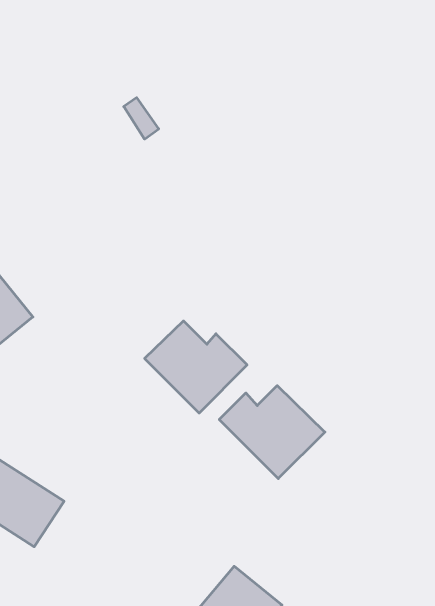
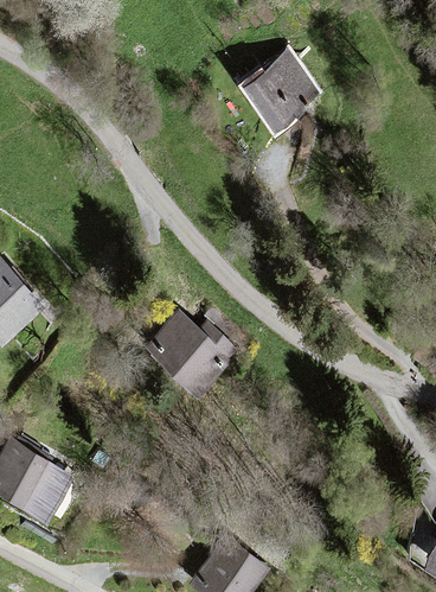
building: none -> [244,52,319,126]
building: [219,386,325,479] -> none

